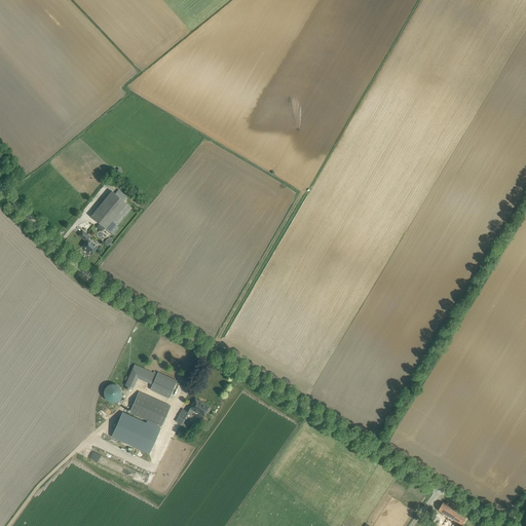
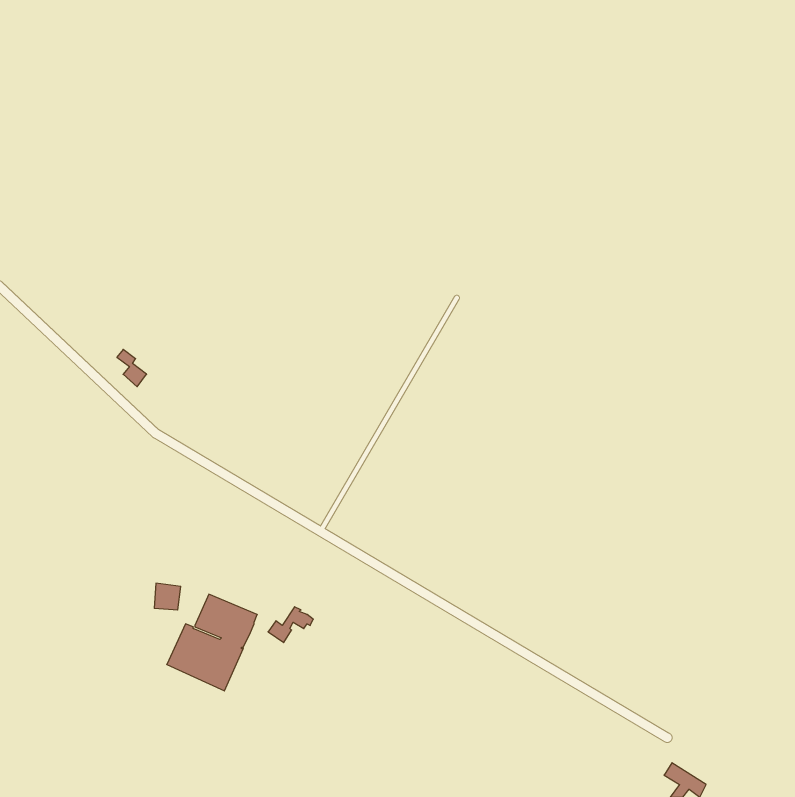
building: [89,190,132,234] -> none
building: [124,365,177,398] -> none

